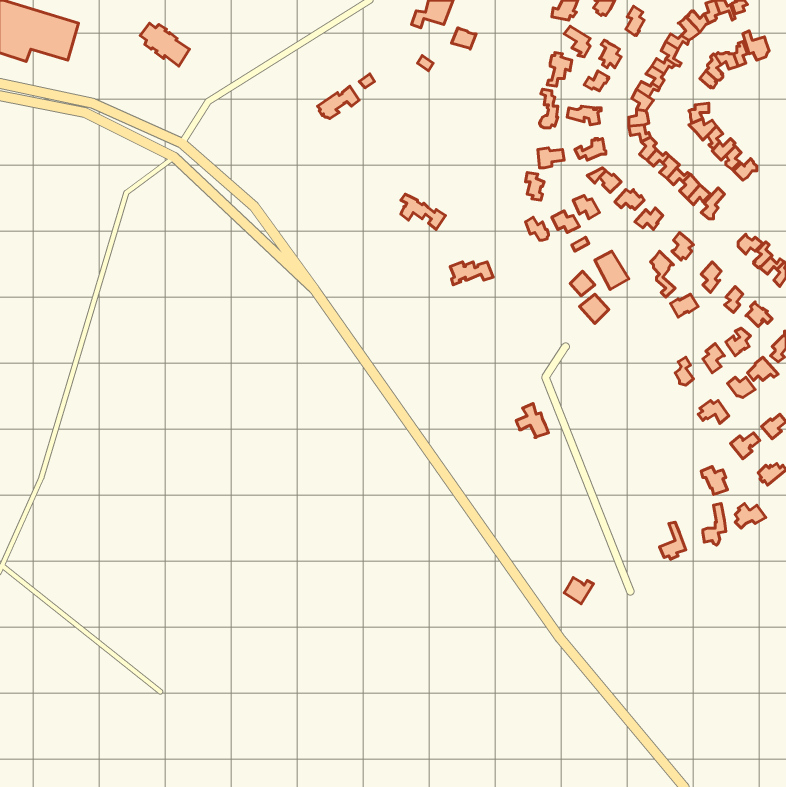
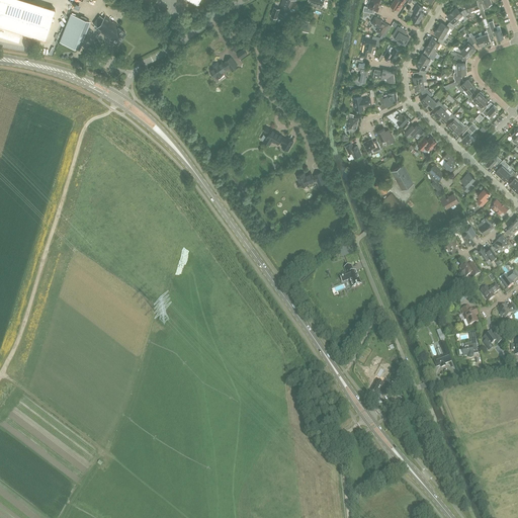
building: none -> [59,13,88,49]

